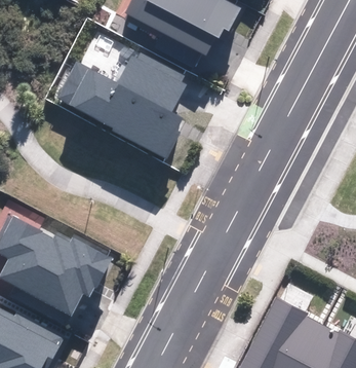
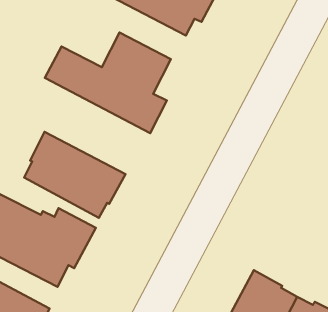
building: none -> [24,132,125,218]

